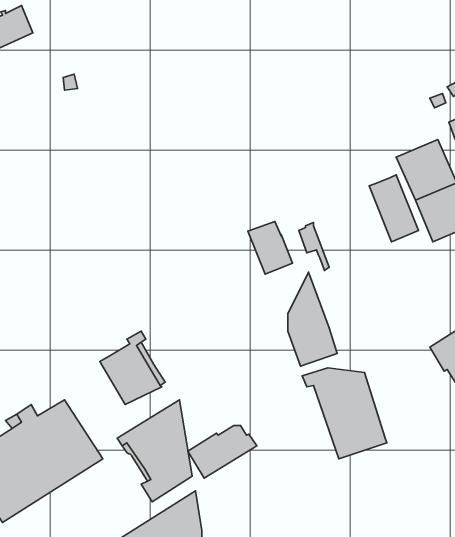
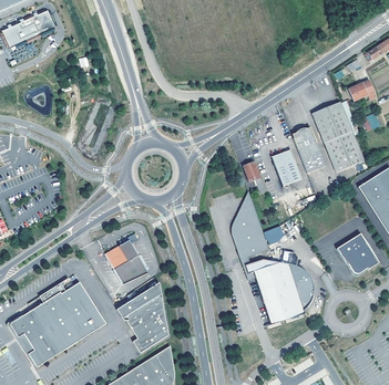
building: [248,222,292,274] -> [270,148,301,185]
building: none -> [288,262,315,308]
building: [188,425,257,478] -> none

